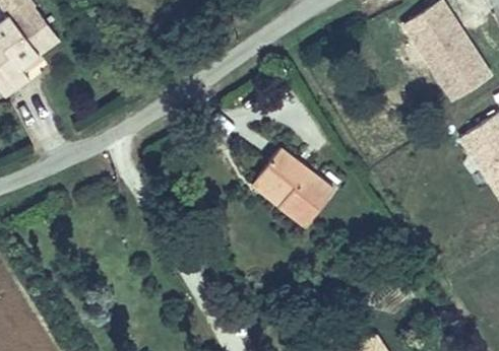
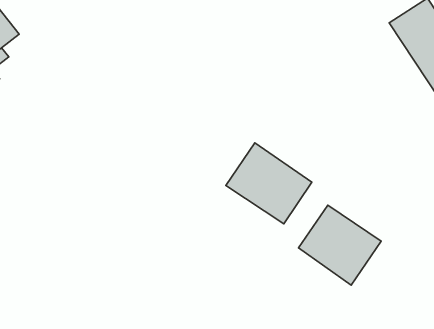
building: none -> [299,205,381,285]

